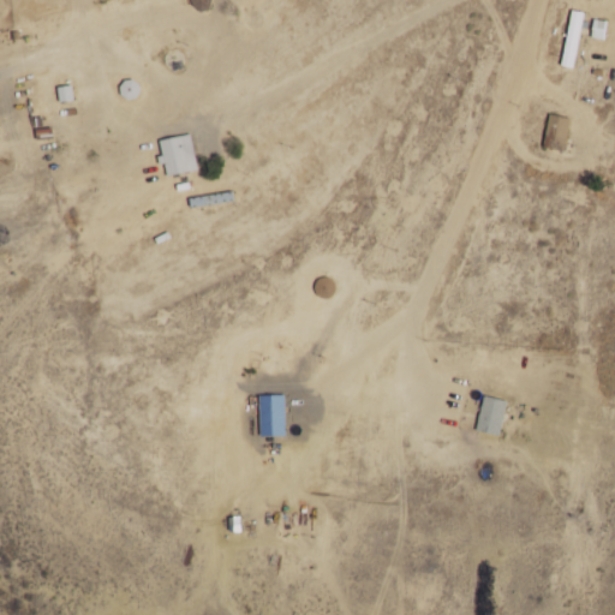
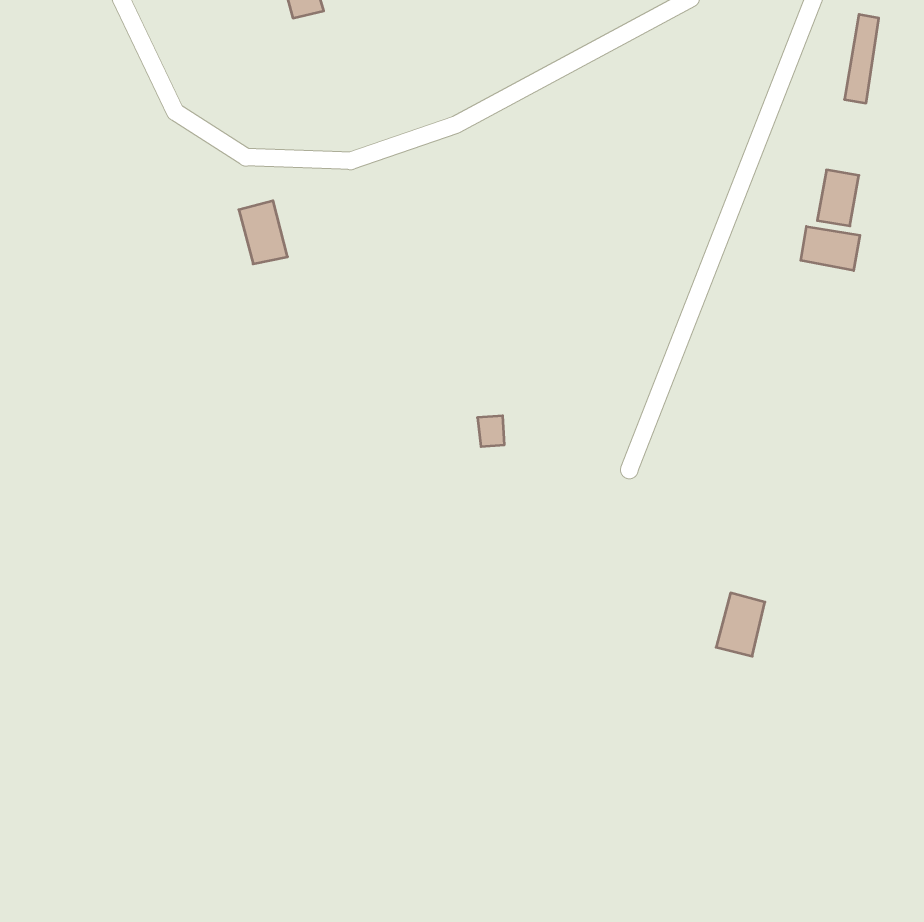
building: none -> [801,226,860,271]
building: [261,393,285,436] -> none

